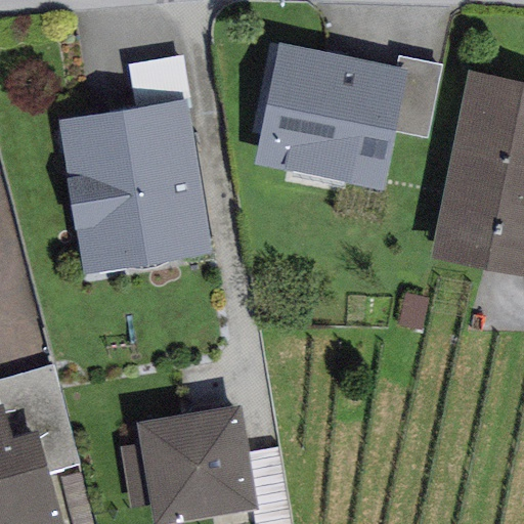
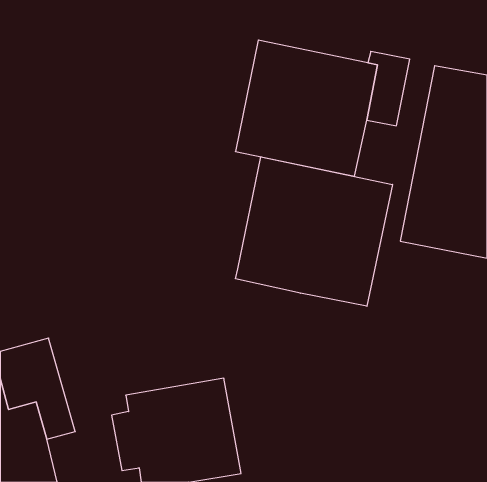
building: [57,99,213,276] -> none
building: none -> [236,157,392,306]

